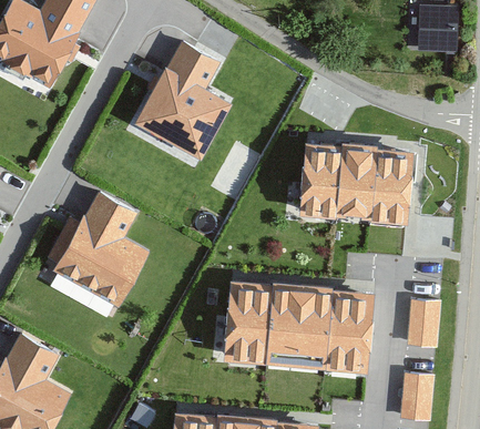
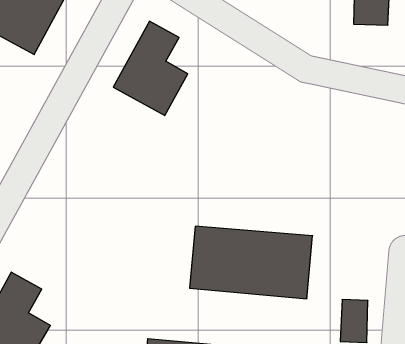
building: [303,143,408,215] -> none
building: [55,195,143,305] -> none
building: [409,295,441,341] -> none

